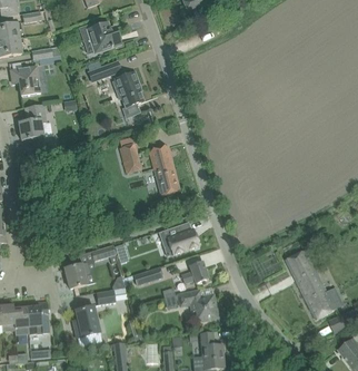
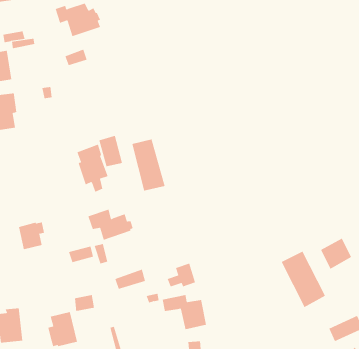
building: [115,71,143,116] -> [77,144,108,192]
building: [158,225,200,254] -> [87,209,134,240]
building: [64,263,89,289] -> [18,222,45,250]
building: [307,291,336,320] -> [320,238,352,269]

